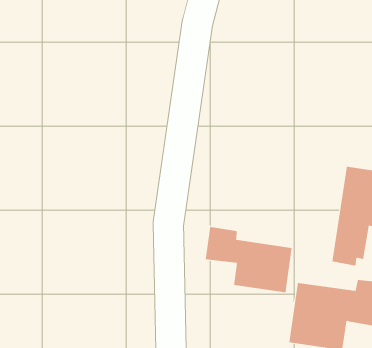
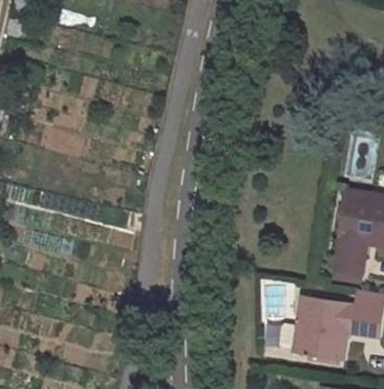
building: [205,226,292,293] -> none

